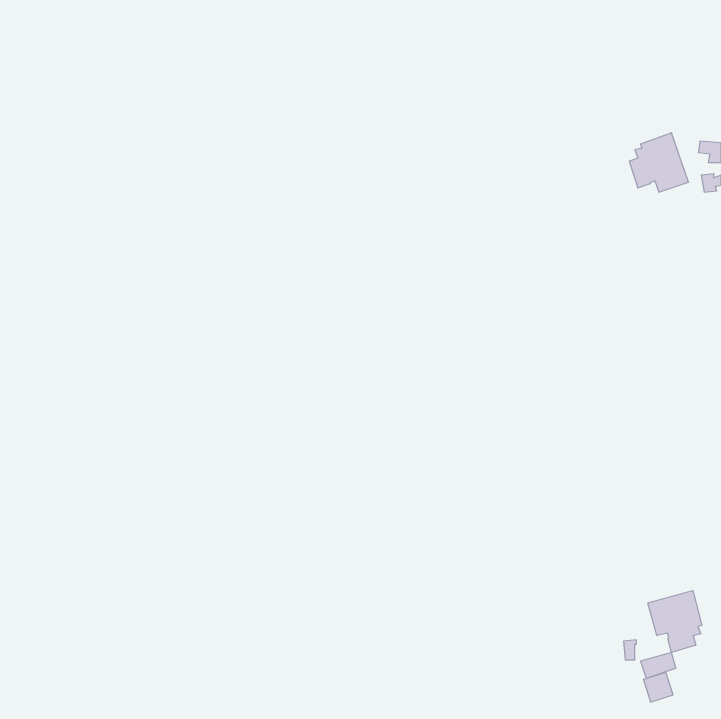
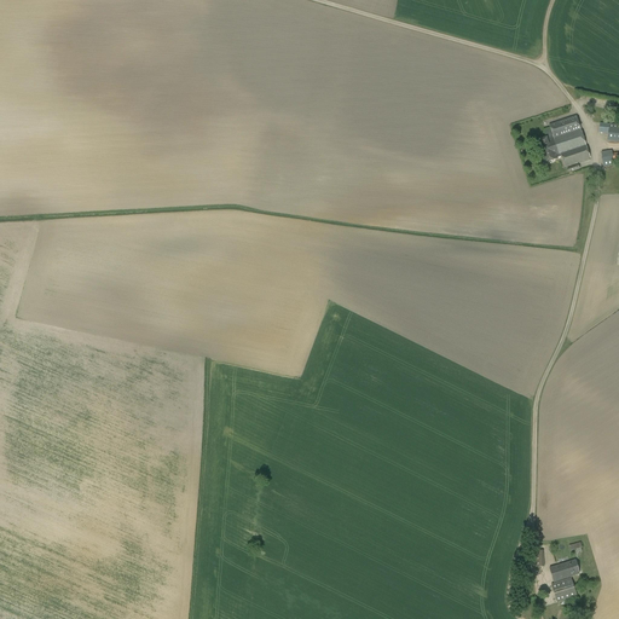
building: [648,591,702,653] -> none

